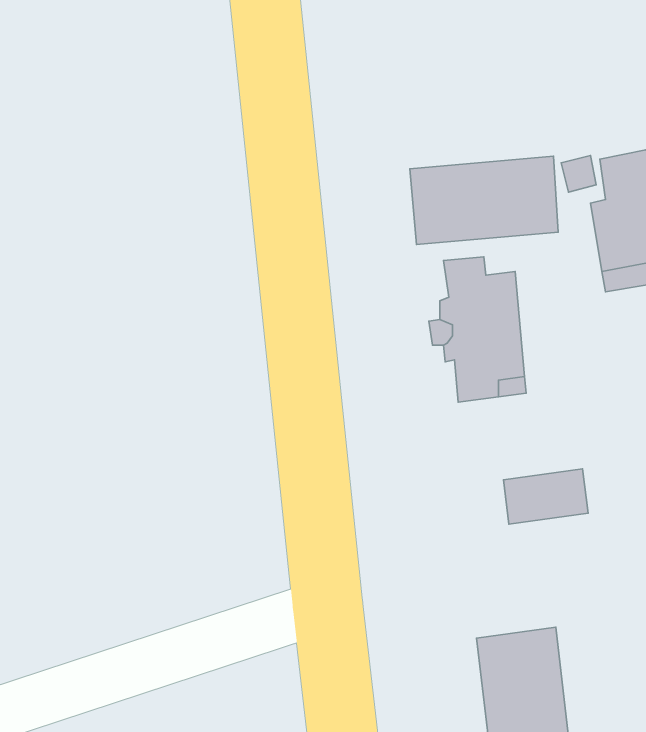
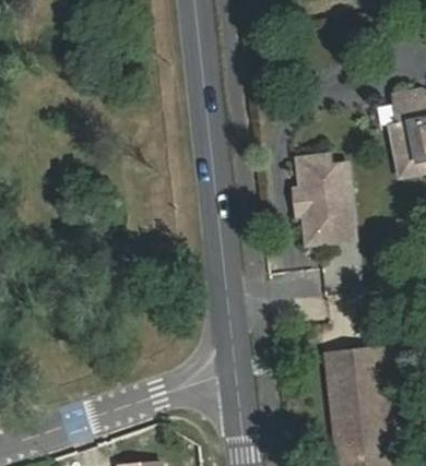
building: [410,156,558,245] -> none
building: [503,469,588,524] -> [321,348,371,381]

